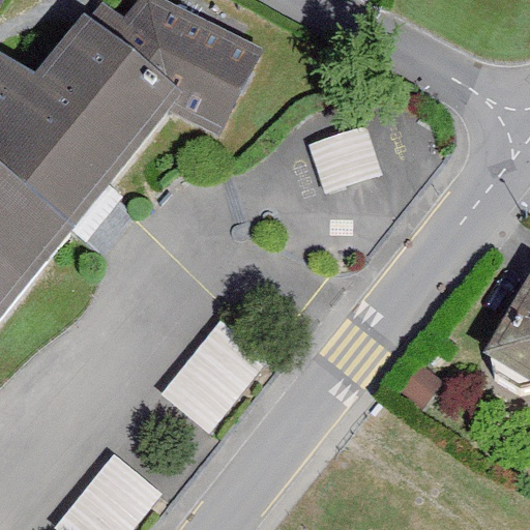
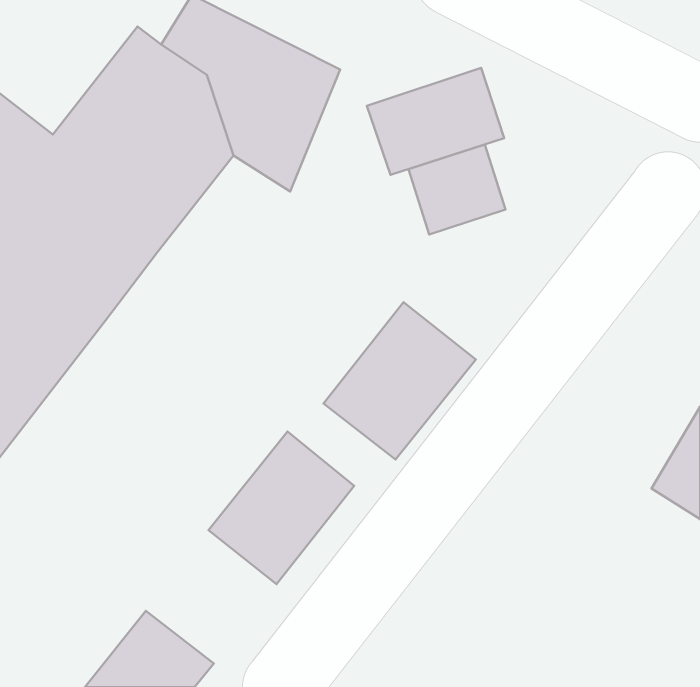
building: none -> [367,68,504,175]
building: none -> [324,302,476,459]

